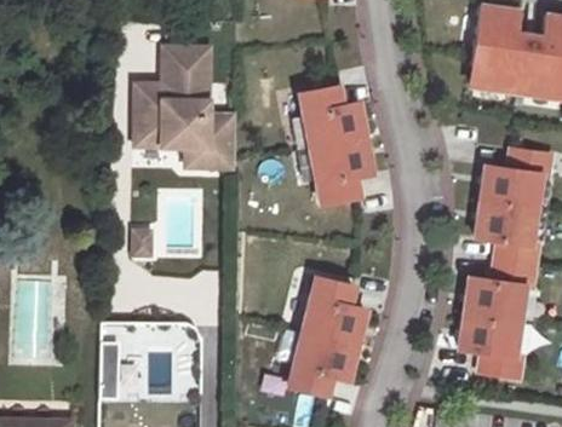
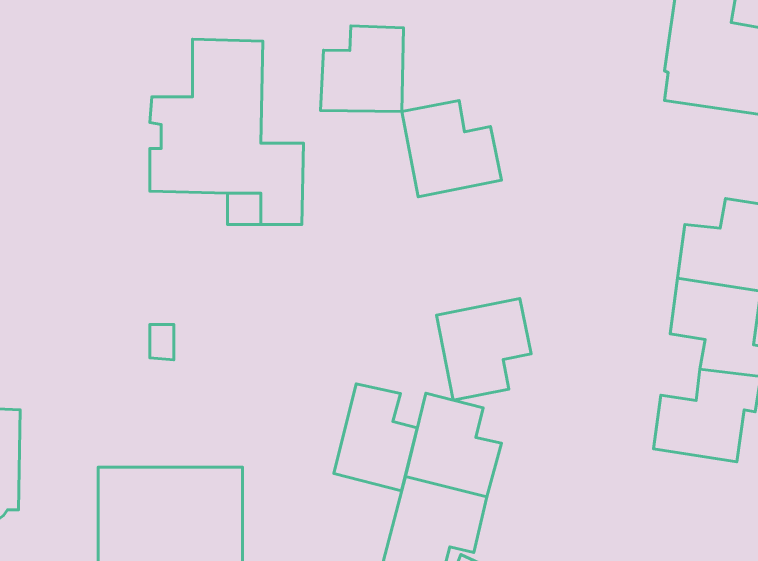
building: none -> [320,26,404,112]
building: [311,137,373,203] -> [437,298,531,400]
building: none -> [334,384,417,491]
building: [459,312,521,377] -> none

